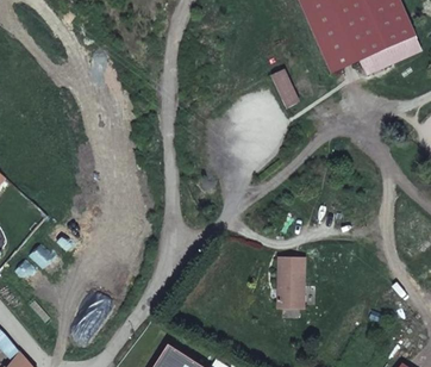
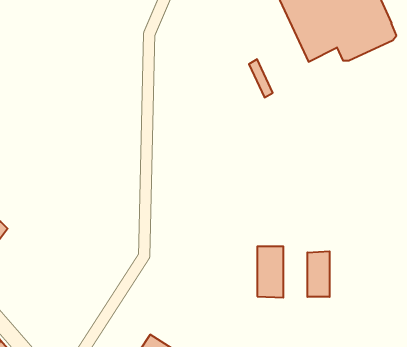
building: none -> [307,251,330,297]

